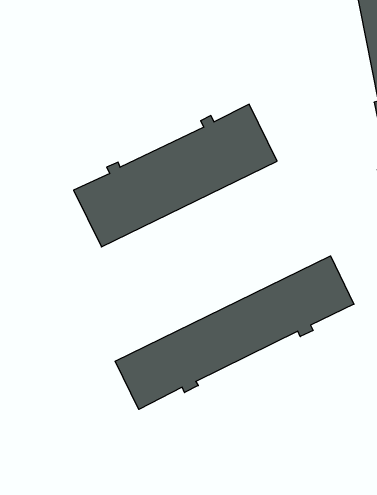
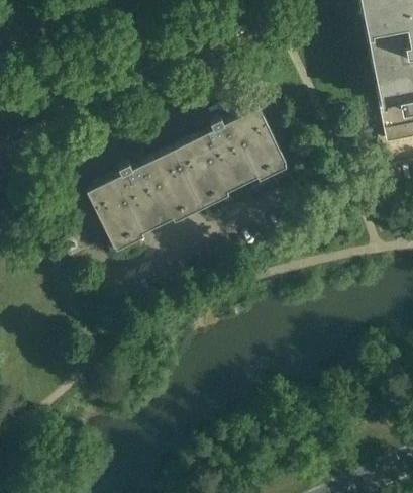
building: [115,256,354,409] -> none

